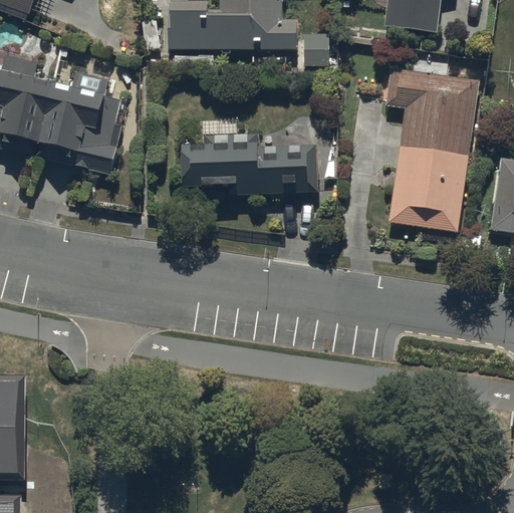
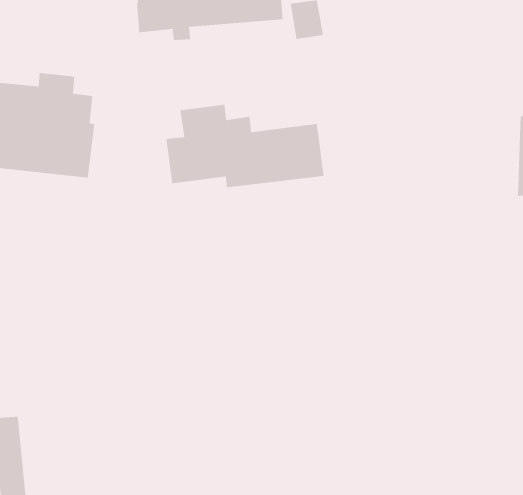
building: [388,68,479,230] -> none

